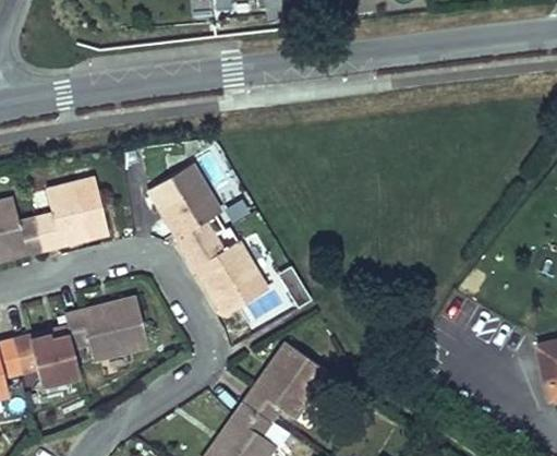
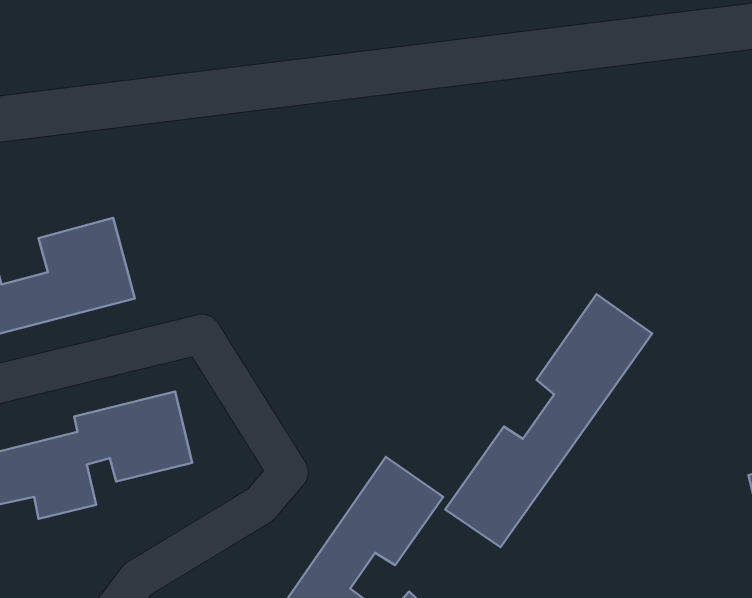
building: [149,163,267,315] -> none
building: none -> [445,294,652,547]

